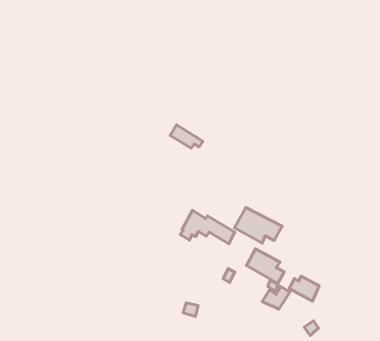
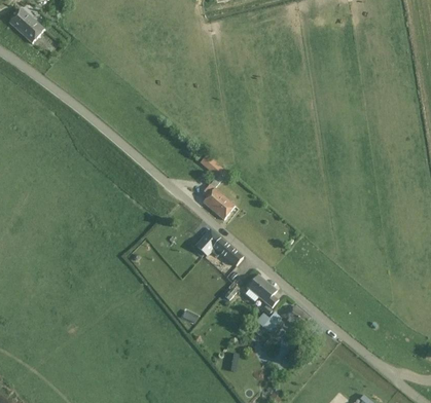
building: none -> [202,182,235,220]
building: [234,207,282,243] -> none

